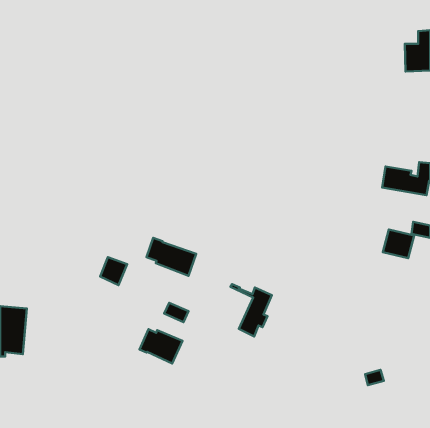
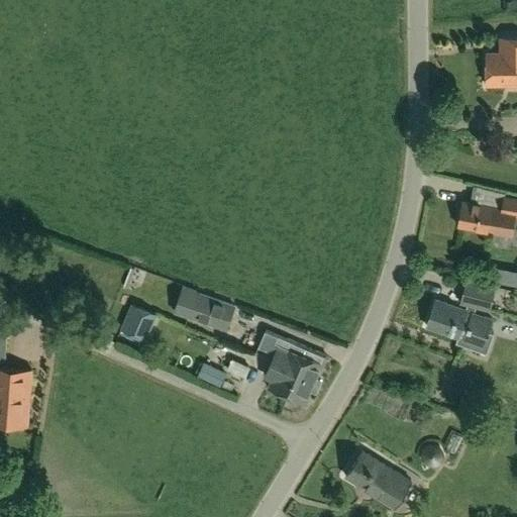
building: none -> [426,301,492,350]
building: none -> [261,332,304,397]
building: [139,329,183,364] -> none
building: none -> [345,451,412,509]

